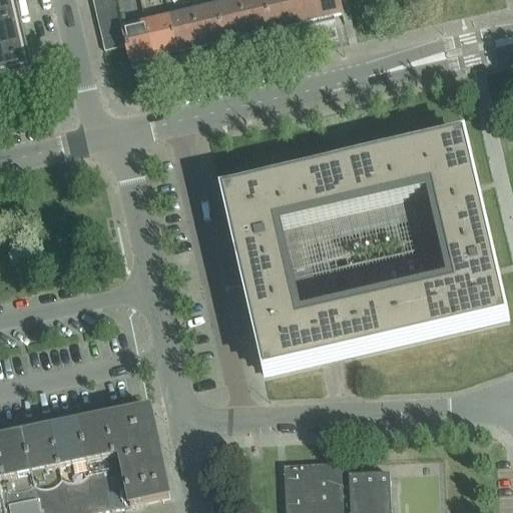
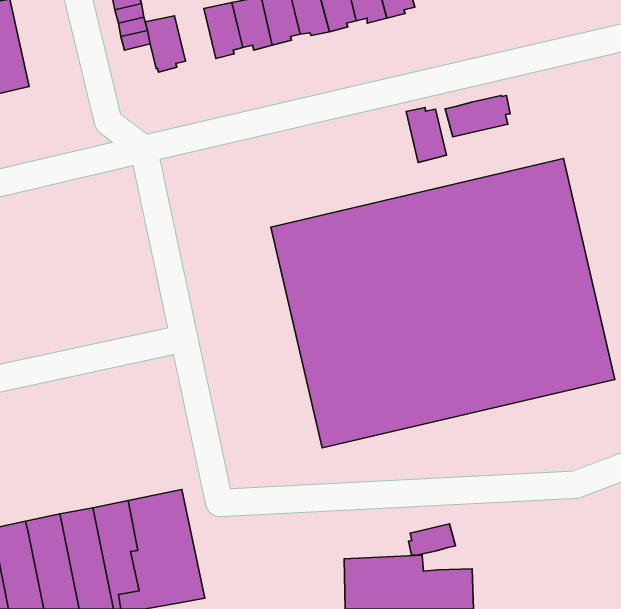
building: [143,7,177,51] -> none
building: none -> [445,95,510,137]
building: none -> [406,107,446,163]
building: none -> [408,524,456,556]

